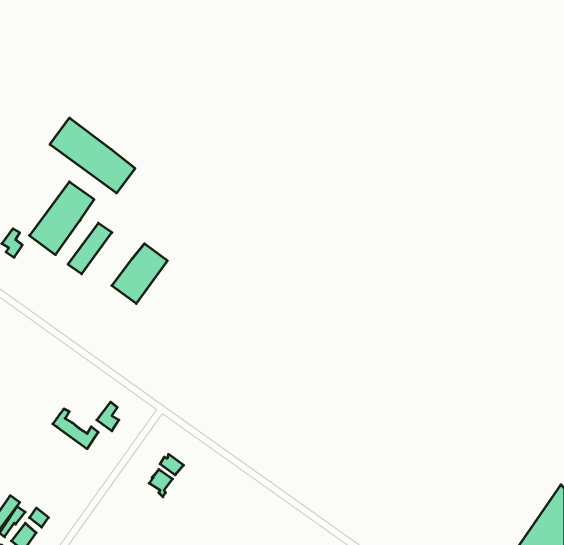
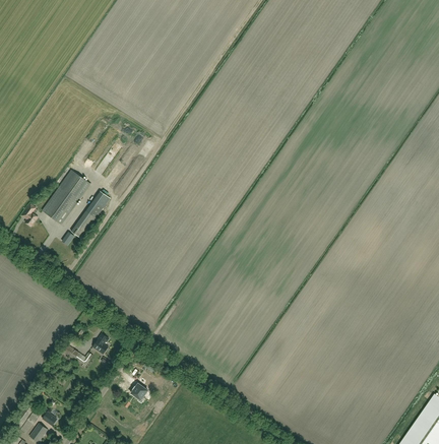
building: [50,118,135,193] -> none
building: [112,244,167,304] -> none

